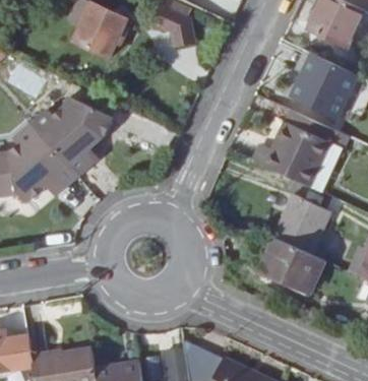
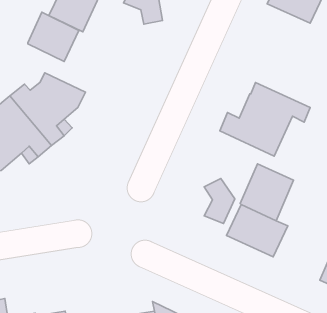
building: none -> [28,12,79,62]
building: [290,53,356,120] -> none
building: none -> [204,179,235,224]

